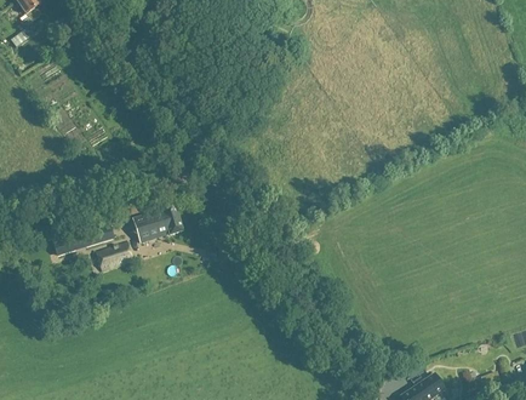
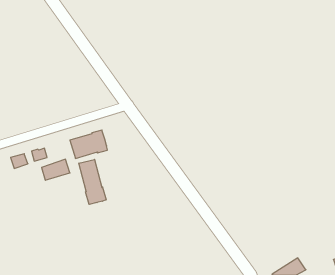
building: none -> [79,159,106,204]

